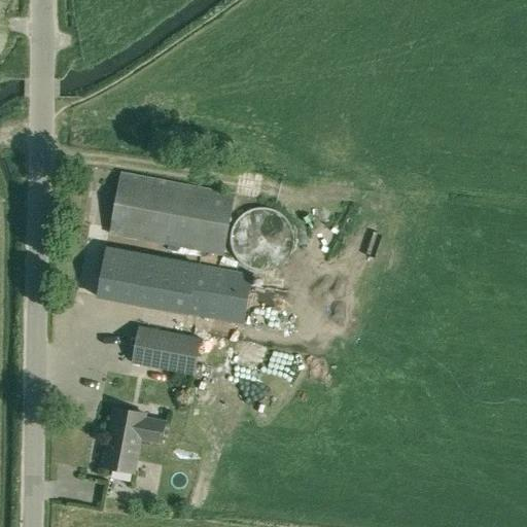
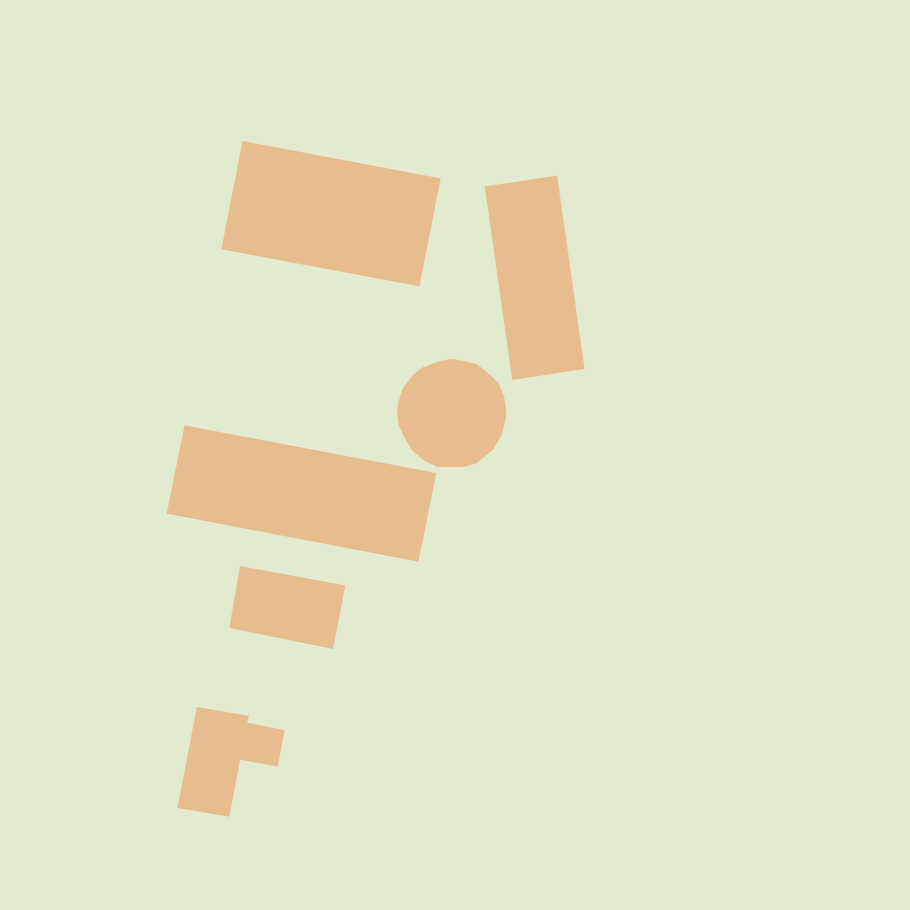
building: none -> [484,175,585,381]
building: [107,171,235,255] -> [220,141,442,287]

